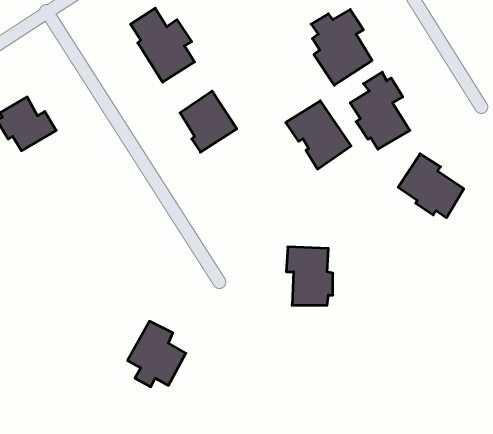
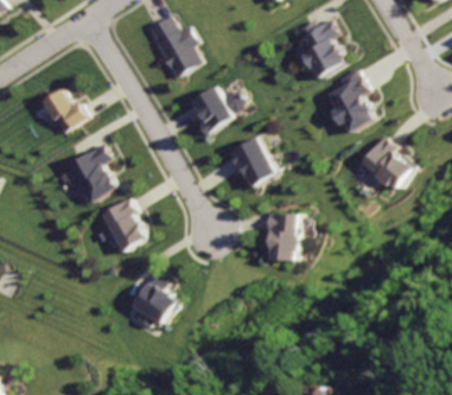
building: [286,101,351,169] -> [227,135,280,191]
building: none -> [66,146,115,202]
building: none -> [104,199,152,253]

